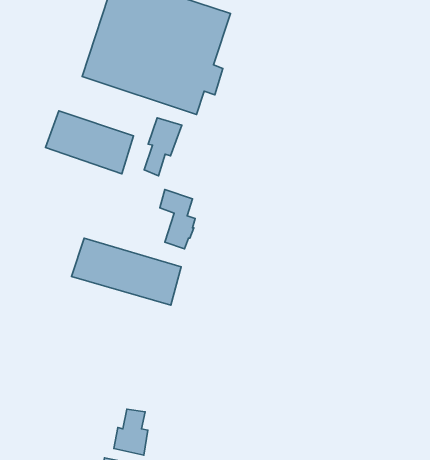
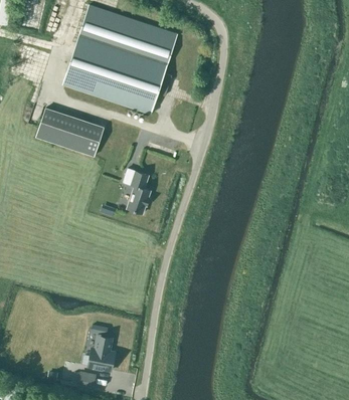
building: [144,118,182,176] -> none
building: [72,238,181,305] -> none

